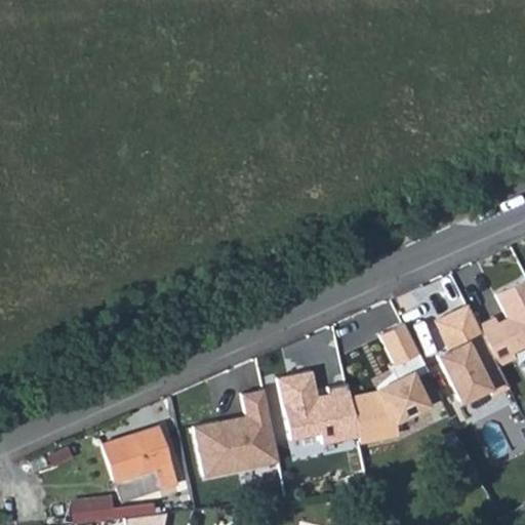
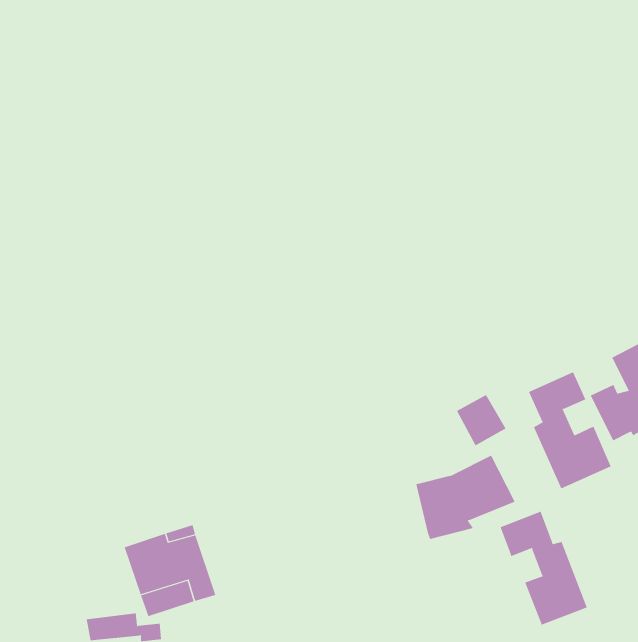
building: [271,366,353,444] -> none
building: [195,394,279,479] -> none
building: none -> [500,511,587,625]

